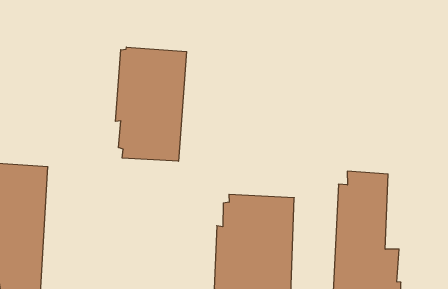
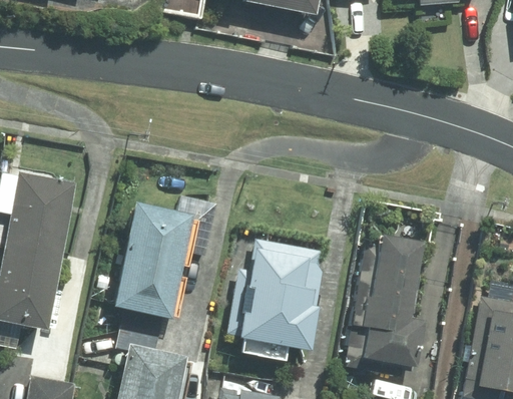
building: [116,47,187,161] -> none
building: none -> [110,201,191,318]

